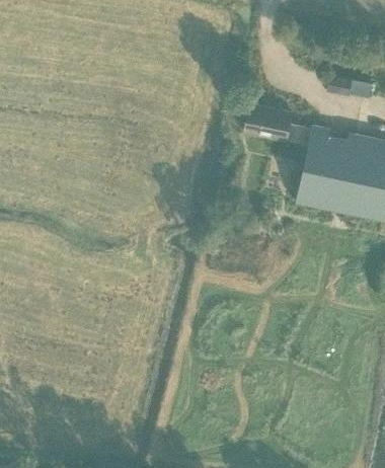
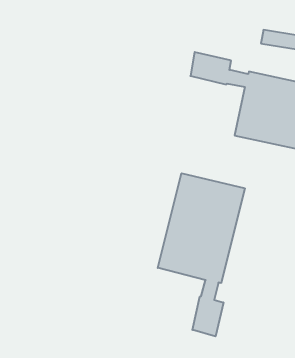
building: none -> [158,173,245,336]

